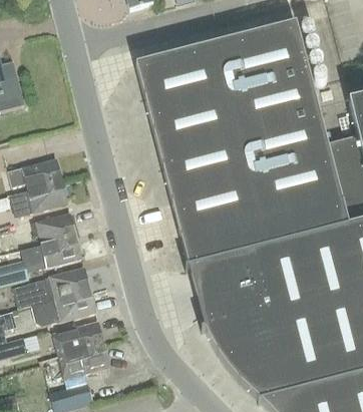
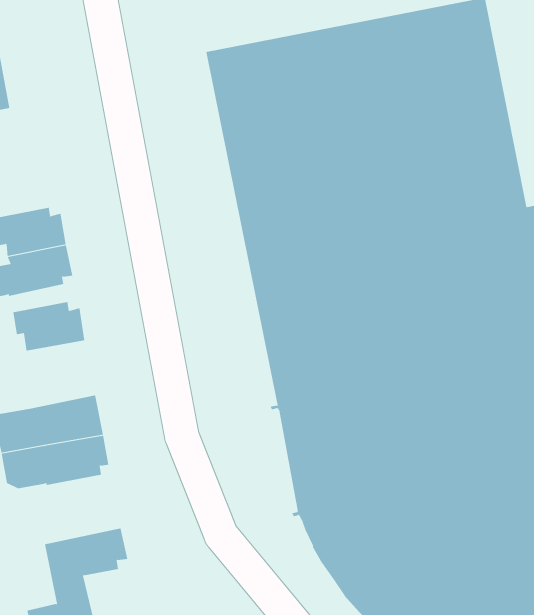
building: [33,237,82,269] -> none
building: [53,323,103,356] -> none

